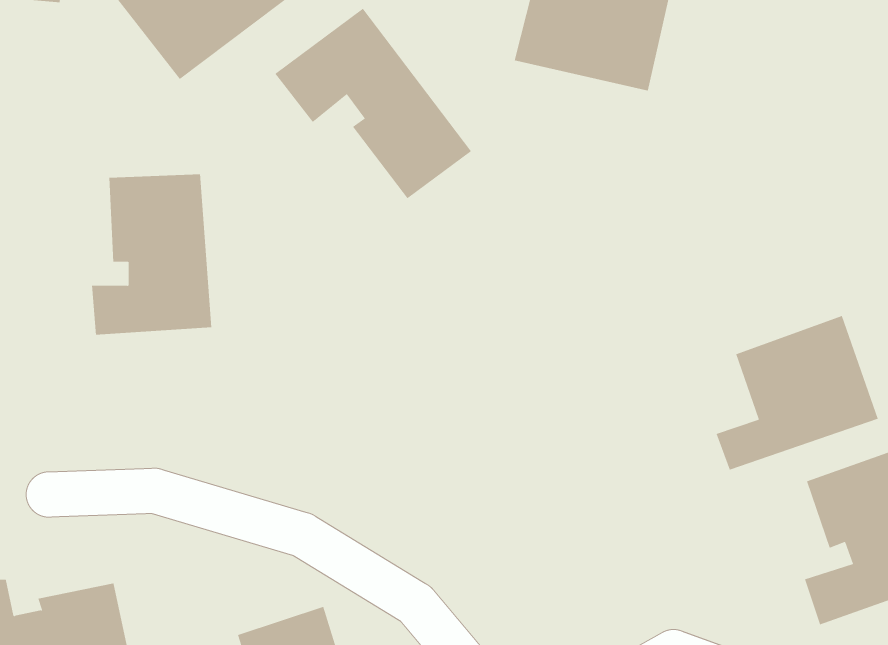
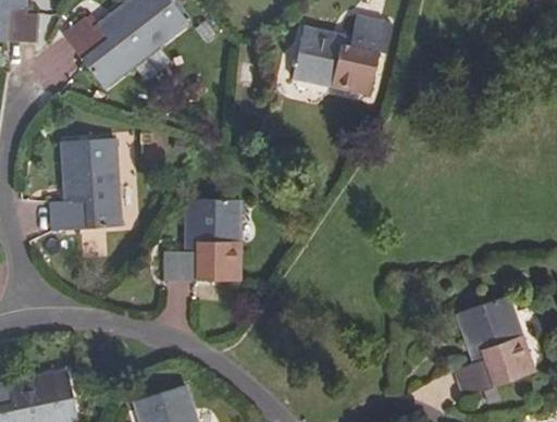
building: [275,8,472,199] -> none
building: none -> [171,200,240,282]
building: [716,315,878,471] -> none

